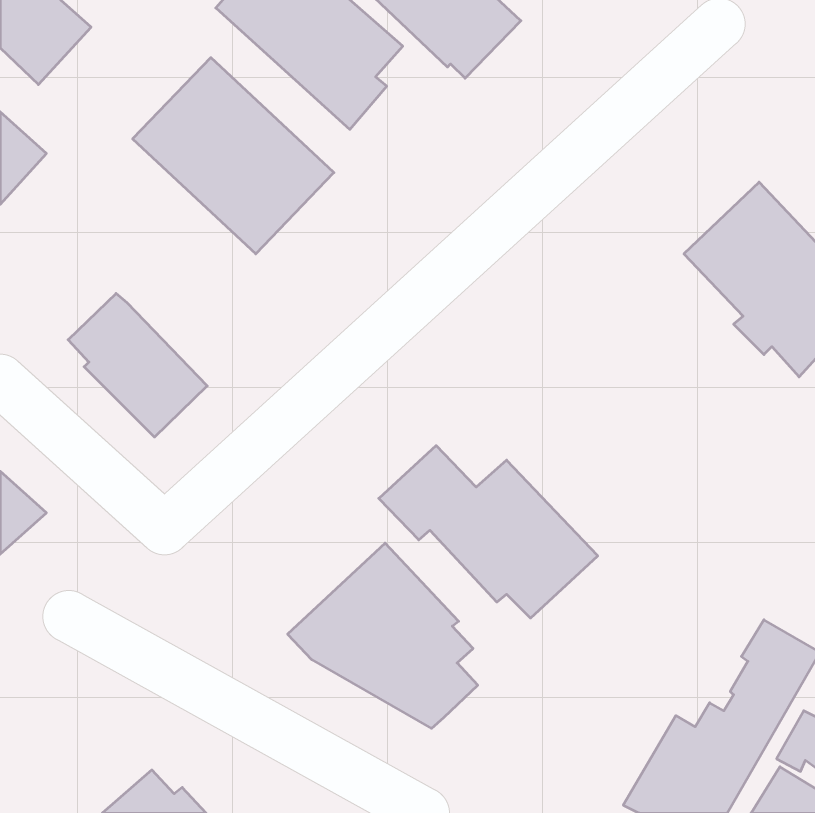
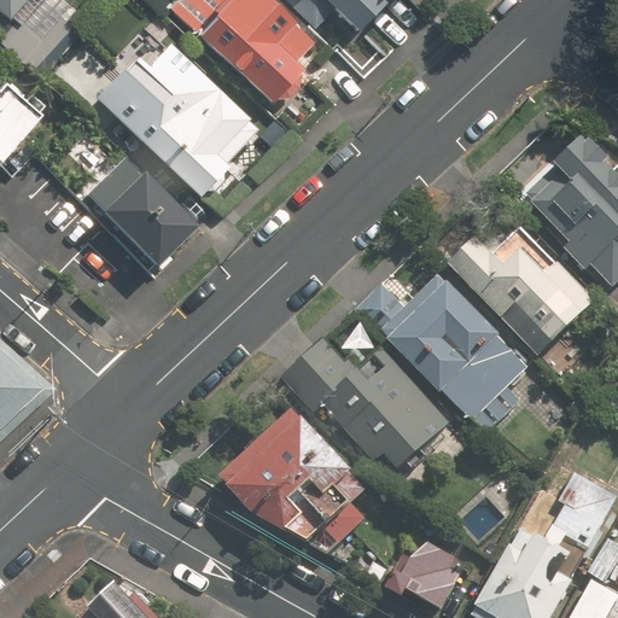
building: none -> [448,217,591,377]
building: [68,293,207,437] -> [88,159,193,268]
building: none -> [363,276,530,430]
building: none -> [385,540,466,605]

